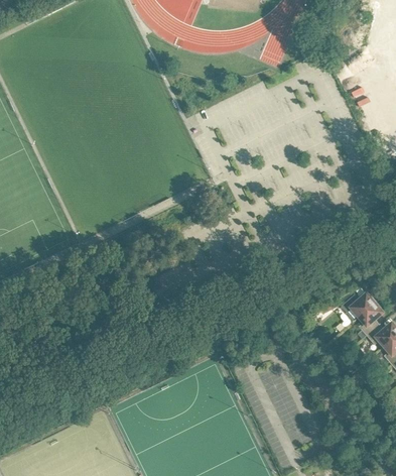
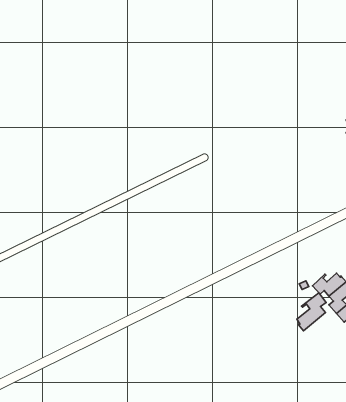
building: none -> [297,293,326,331]

